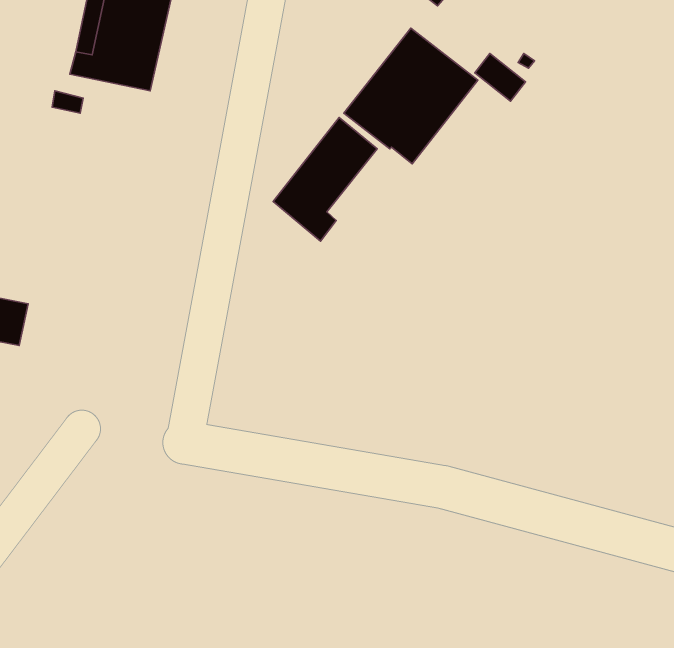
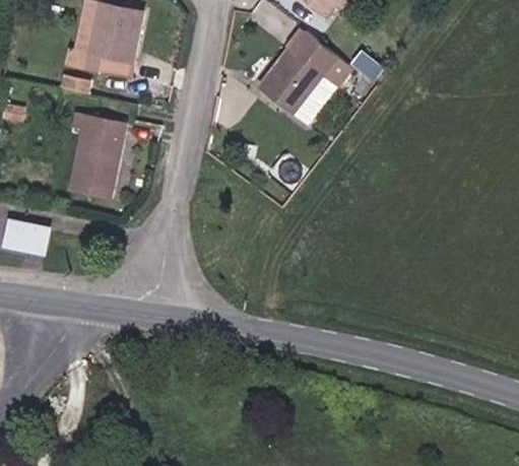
building: [273,117,377,241] -> none
building: none -> [70,113,125,197]

